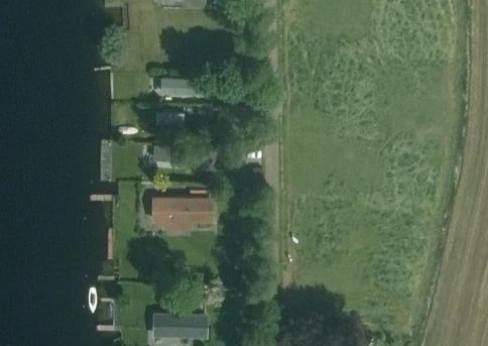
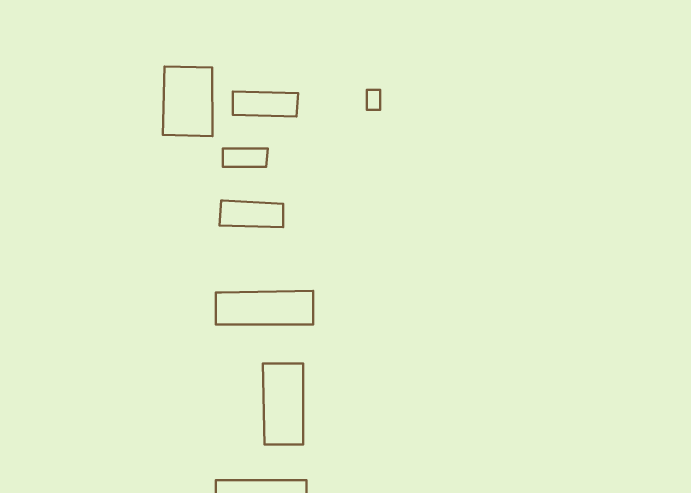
building: none -> [163,66,212,136]
building: none -> [263,363,303,445]

